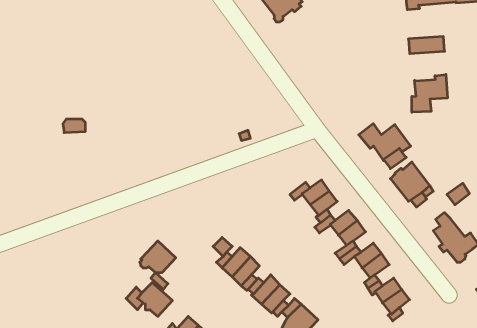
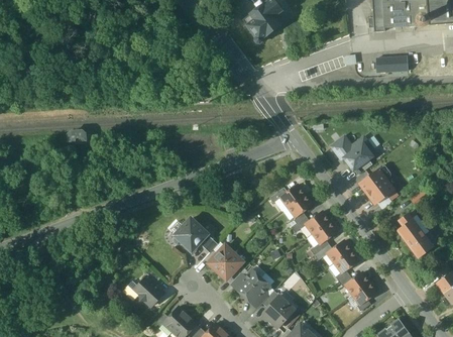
building: [412,74,447,112] -> none
building: [140,241,176,272] -> [175,219,207,247]

